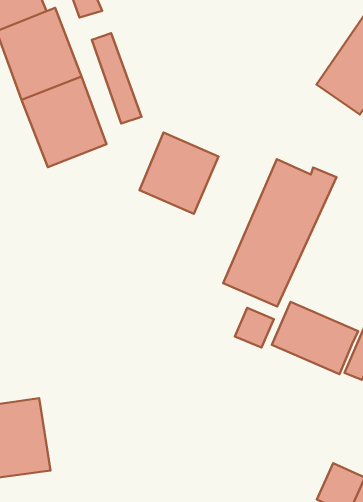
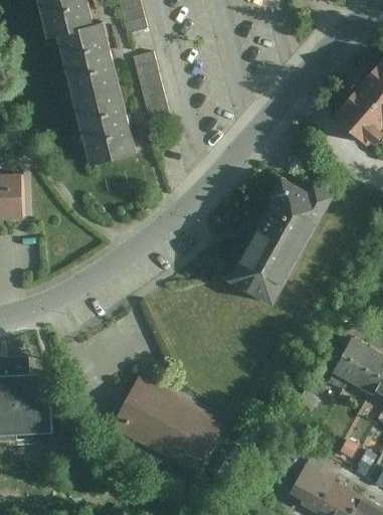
building: [140,133,219,214] -> none
building: [272,302,358,374] -> none
building: [235,308,274,348] -> none
building: none -> [113,377,226,474]

